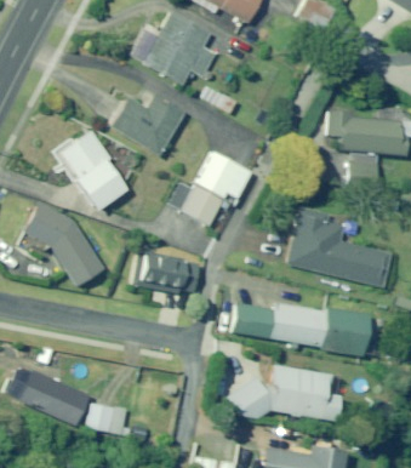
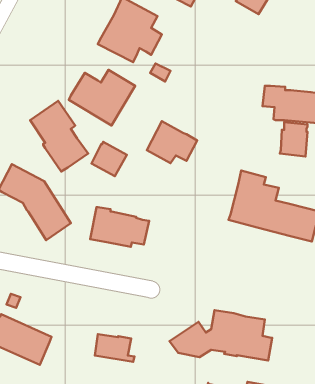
building: [181,187,221,226] -> [91,142,127,176]
building: [233,301,373,355] -> none
building: [86,404,131,435] -> [95,334,134,362]

